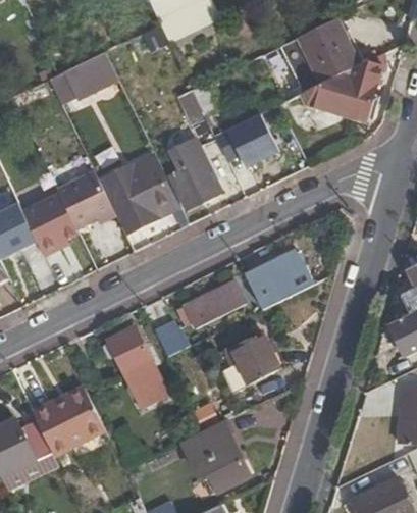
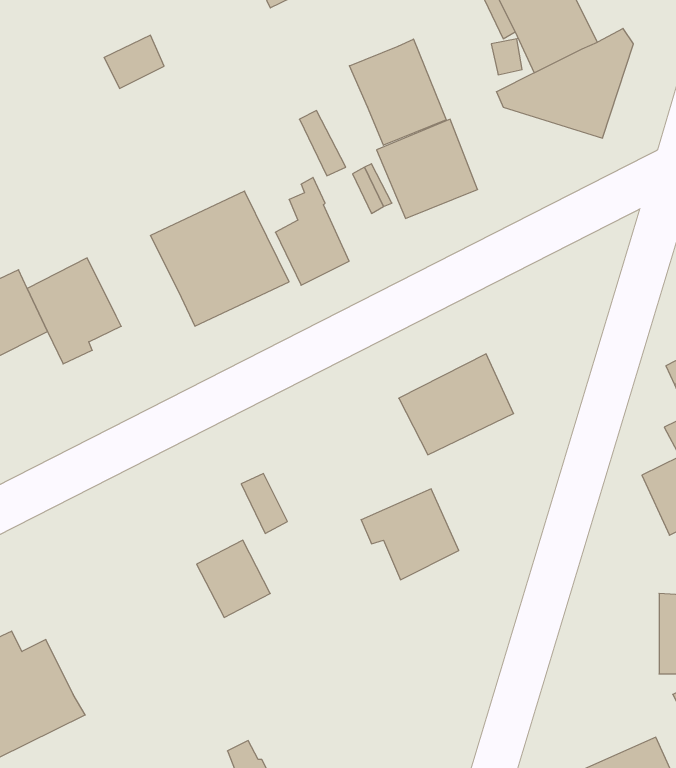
building: none -> [349,39,446,145]
building: [56,170,114,227] -> none
building: [185,280,246,327] -> none
building: [102,326,151,375] -> none
building: [30,387,102,453] -> none
building: [185,417,250,489] -> none

